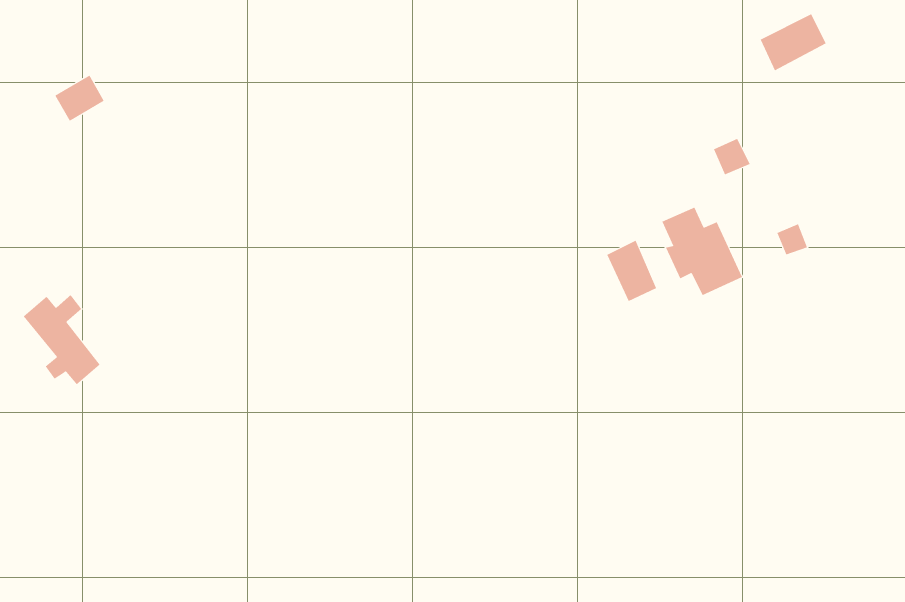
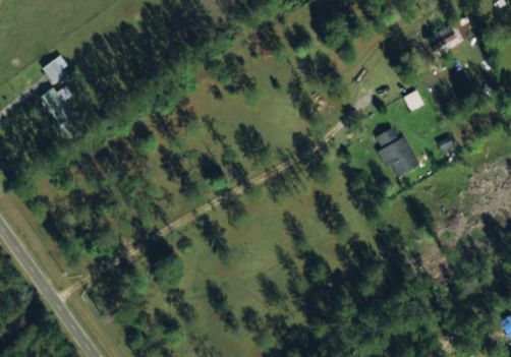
building: [606,240,657,302] -> none
building: [23,294,101,385] -> [39,86,81,136]

